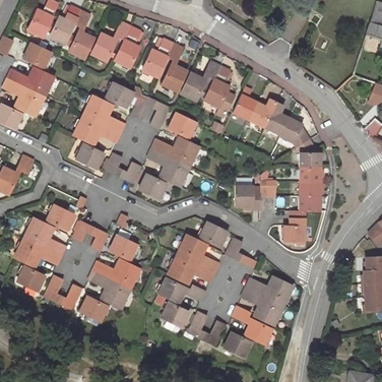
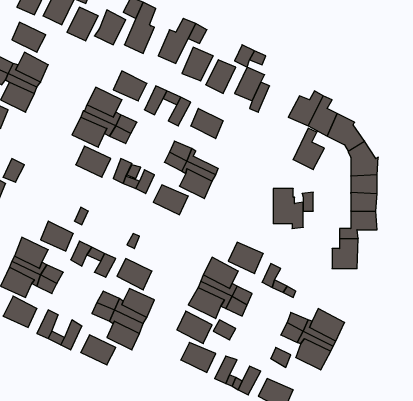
building: [232,86,257,120] -> [293,128,324,170]
building: [171,137,198,162] -> none
building: [245,319,272,343] -> none

